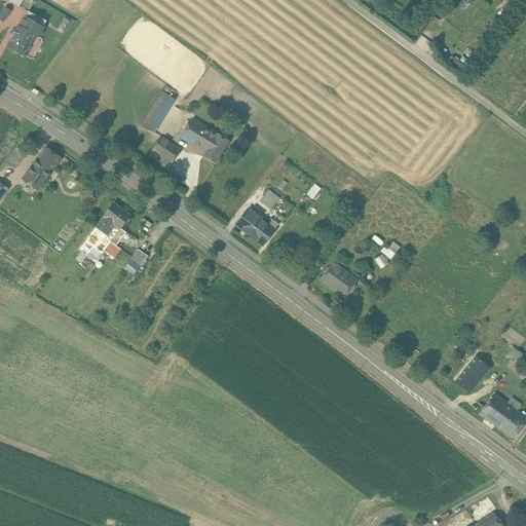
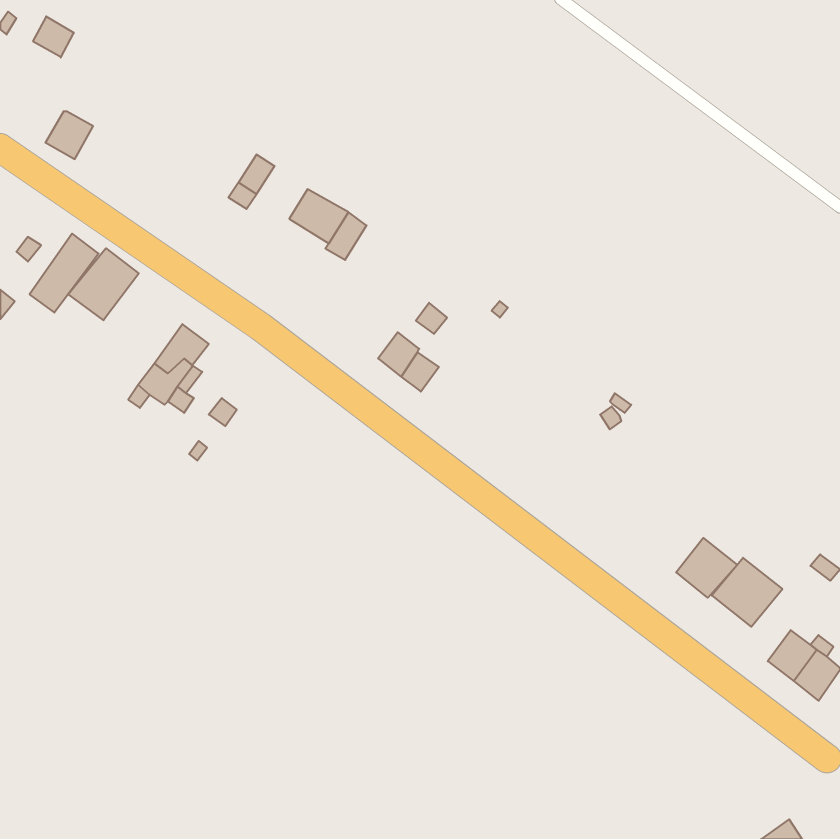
building: [7,26,37,55] -> [45,111,93,159]
building: [151,136,182,163] -> none
building: none -> [68,248,139,320]
building: [321,262,358,297] -> none
building: none -> [676,538,737,598]

